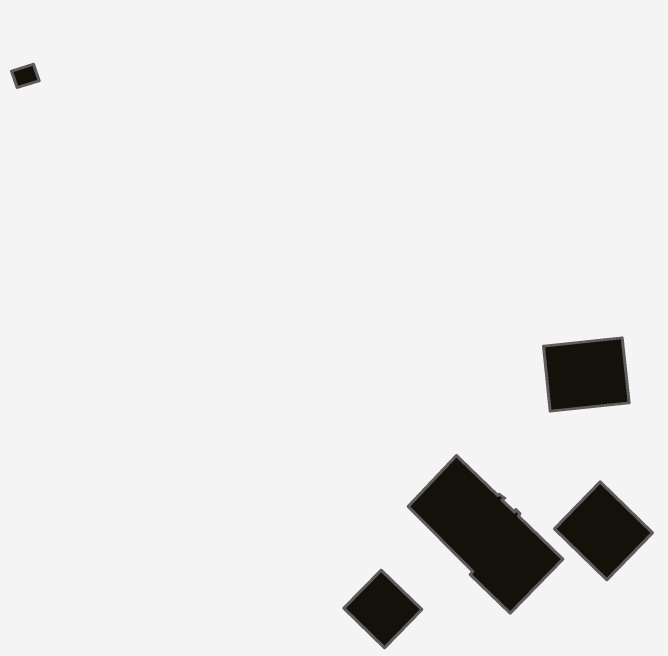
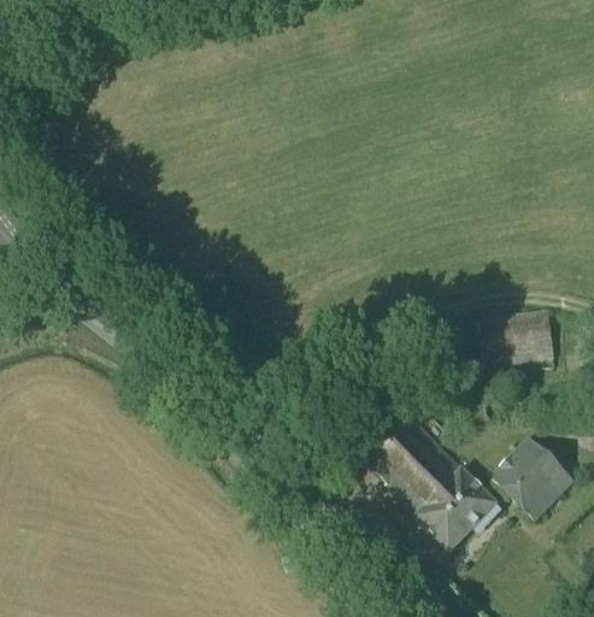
building: [344,570,422,648] -> none

